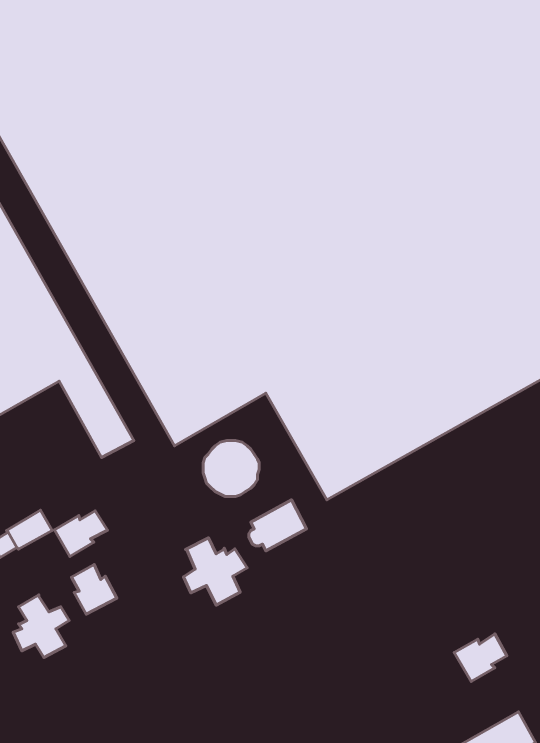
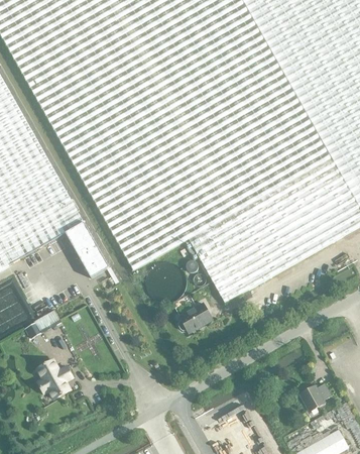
building: [55,511,107,556] -> none
building: [183,538,247,605] -> none
building: [71,564,117,614] -> none

